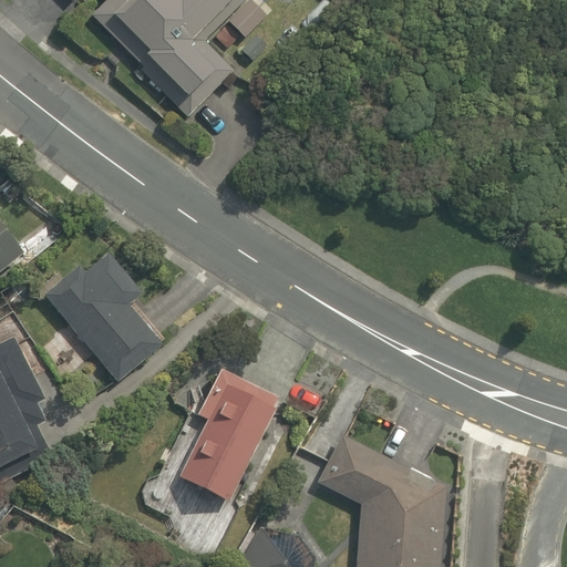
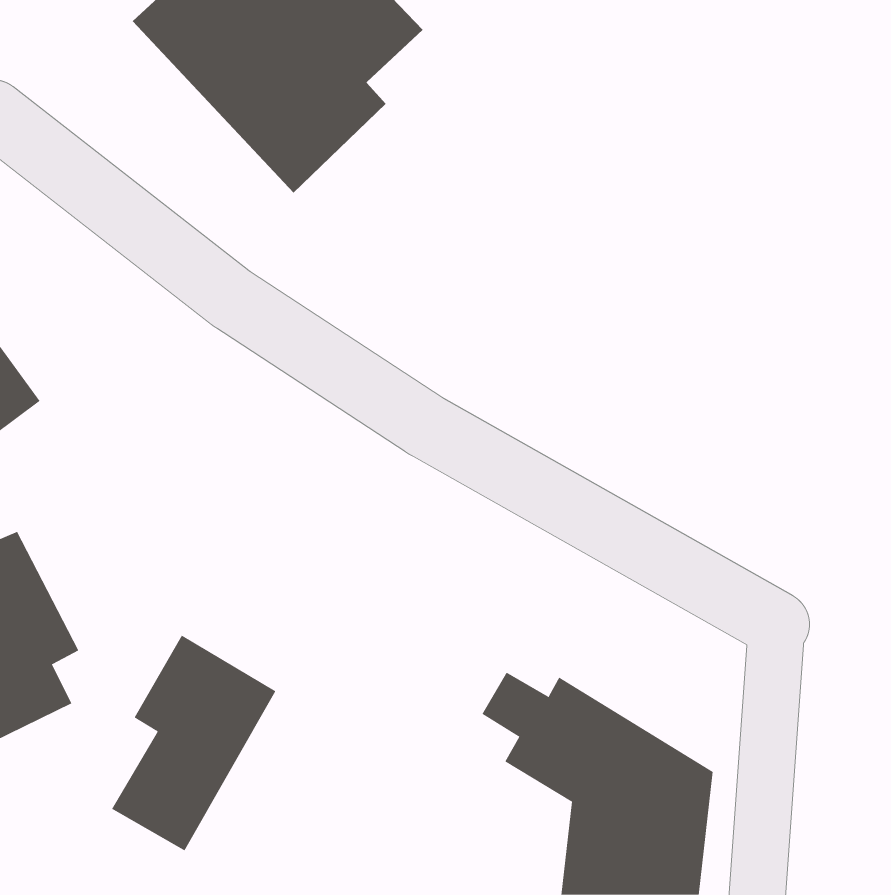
building: [44,254,167,383] -> none
building: [176,367,280,503] -> [111,635,276,851]

